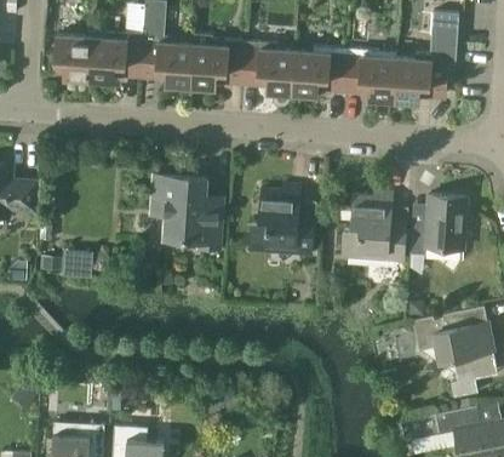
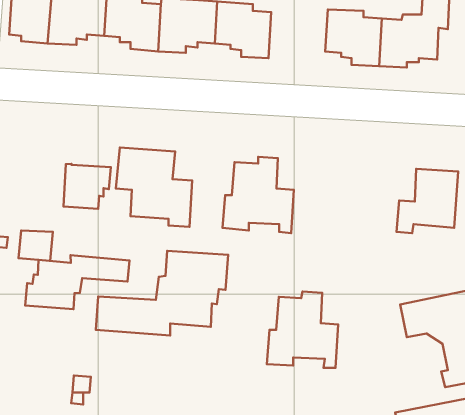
building: [292,46,346,96] -> none
building: [342,190,407,261] -> [267,292,338,368]
building: none -> [63,164,111,209]
building: none -> [96,251,228,336]
building: none -> [25,255,129,309]

